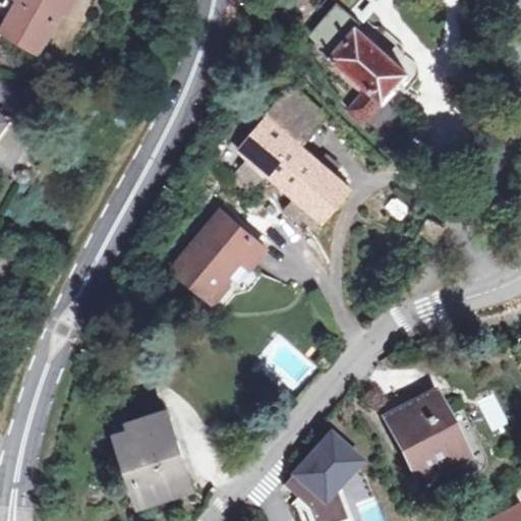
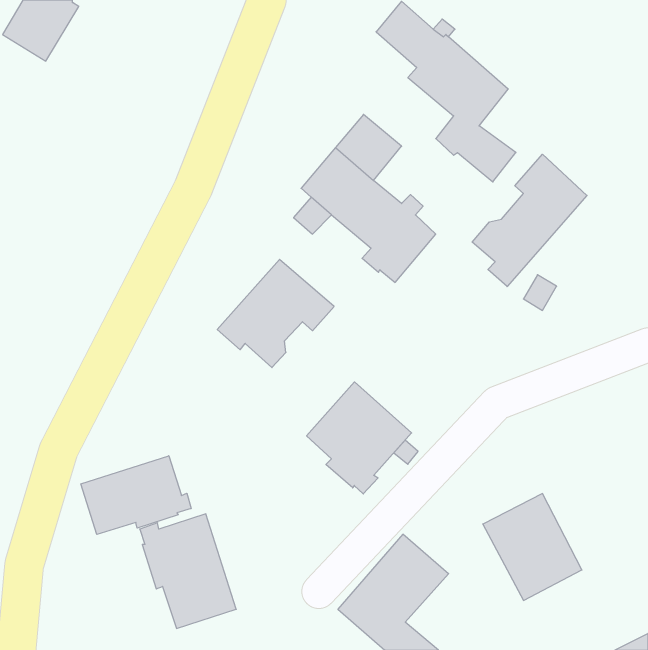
building: none -> [472,154,587,287]
building: none -> [307,382,412,494]
building: none -> [81,456,191,534]

